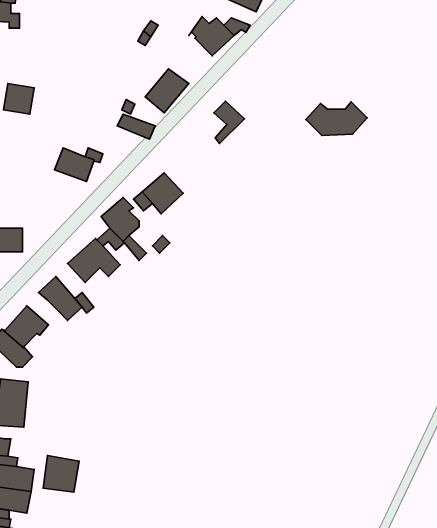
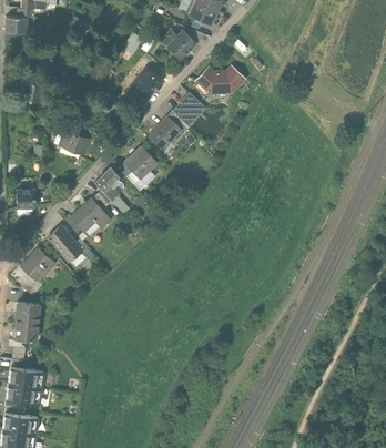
building: [306,102,367,136] -> [196,67,243,92]
building: none -> [148,116,181,145]
building: [43,456,79,492] -> none

